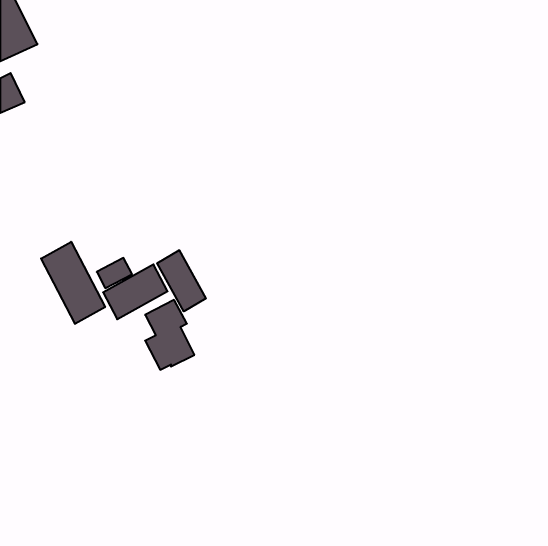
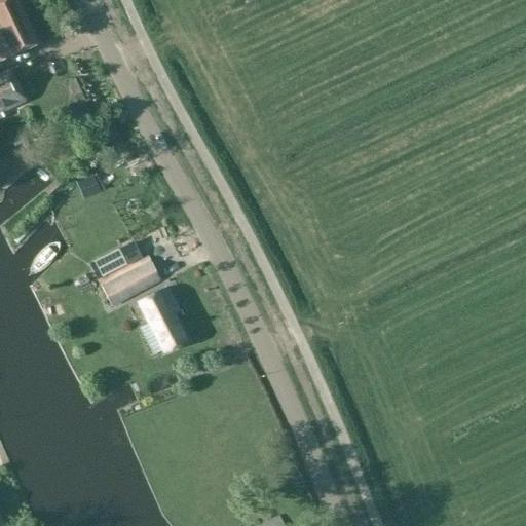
building: [41,242,105,324] -> none
building: [157,250,206,311] -> none

